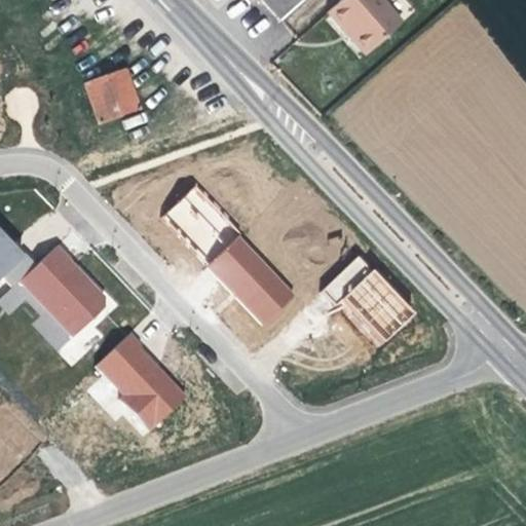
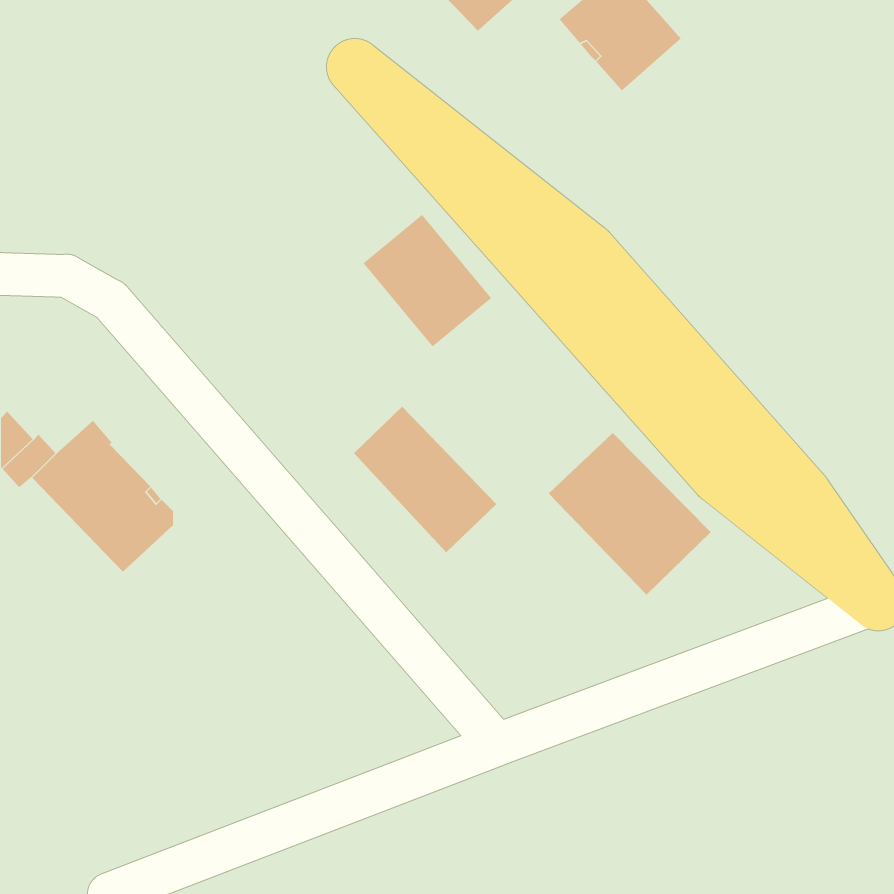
building: [85,68,140,122] -> none
building: [165,182,241,260] -> [362,214,492,347]
building: [96,333,186,430] -> none

